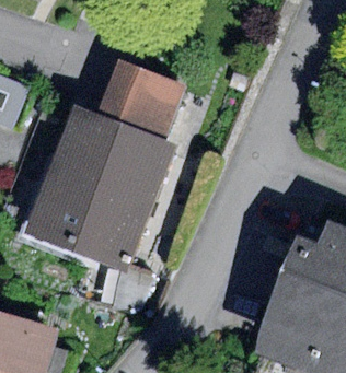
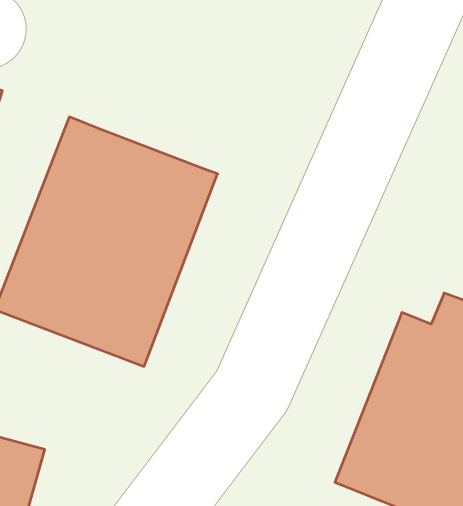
building: [97,59,187,140] -> none

